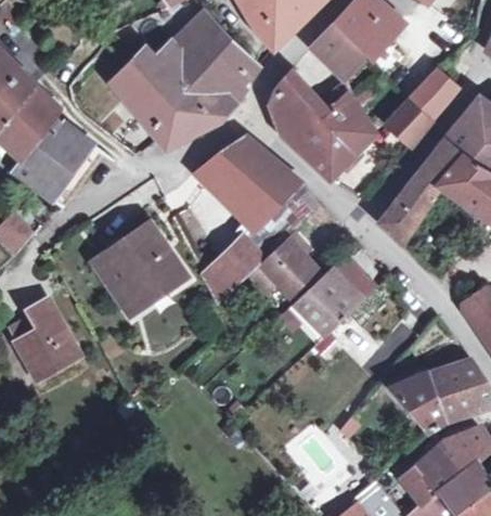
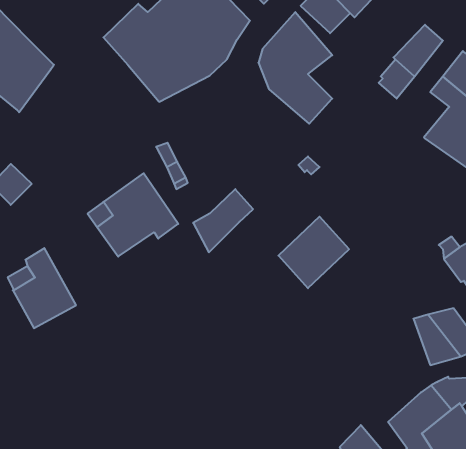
building: [319,95,367,179] -> none
building: [10,114,102,207] -> none
building: [198,137,300,225] -> none
building: [382,138,464,244] -> none
building: [248,231,318,295] -> none
building: [387,371,444,434] -> none

